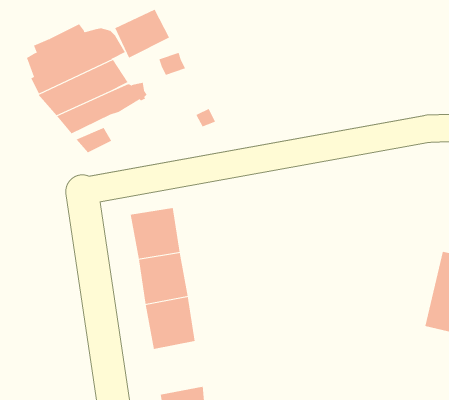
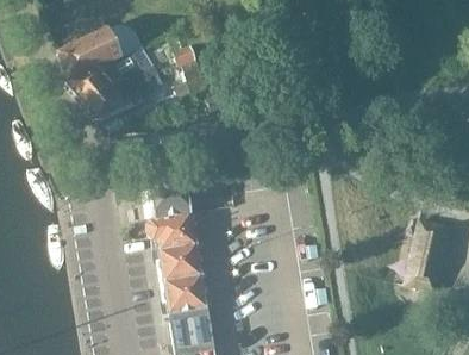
building: [114,9,170,59] -> none
building: none -> [168,299,212,345]

